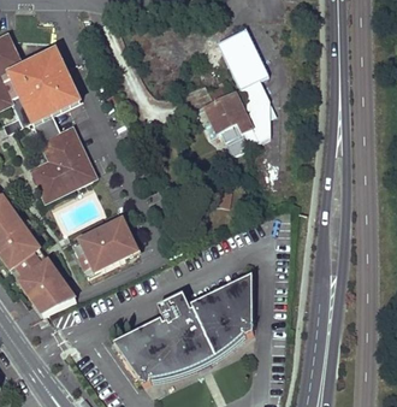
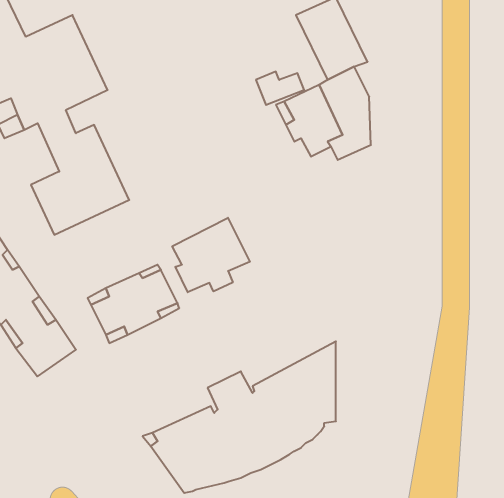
building: none -> [172,218,250,292]
building: [32,284,73,317] -> none

